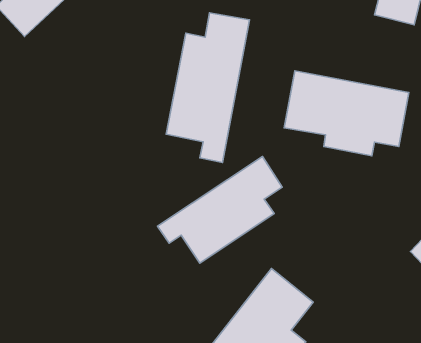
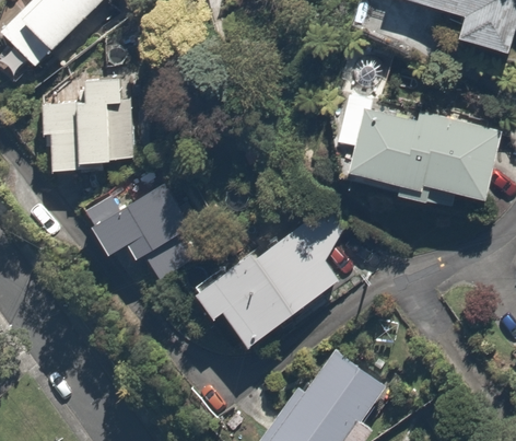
building: [166,13,250,163] -> none
building: none -> [42,73,134,176]
building: none -> [86,166,201,276]

